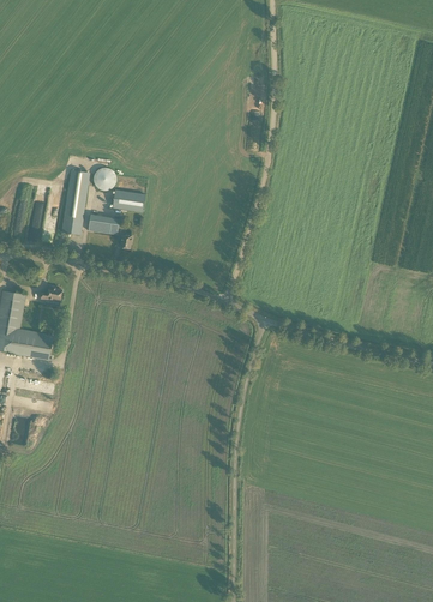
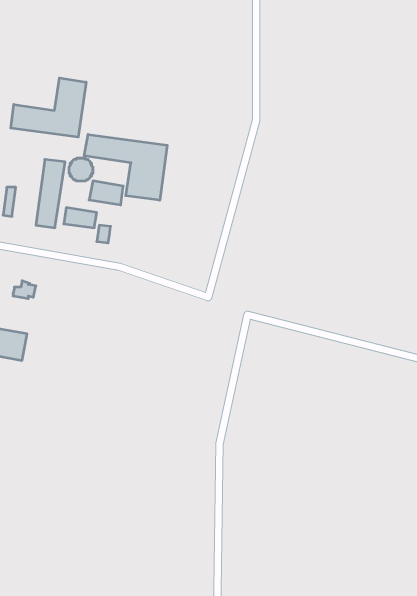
building: none -> [11,78,86,137]
building: none -> [84,134,167,200]

